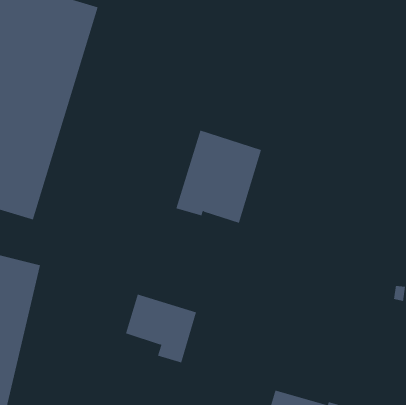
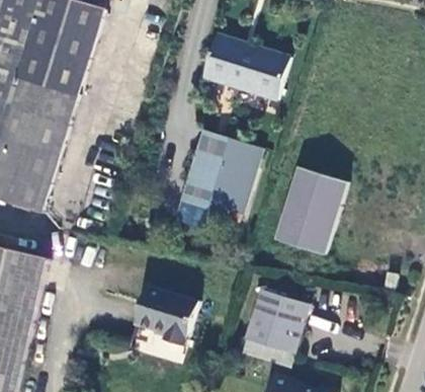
building: none -> [201,35,287,100]
building: none -> [276,169,338,253]
building: none -> [246,292,305,351]

